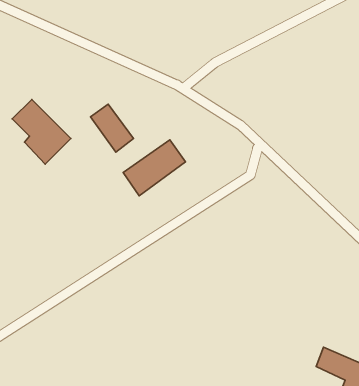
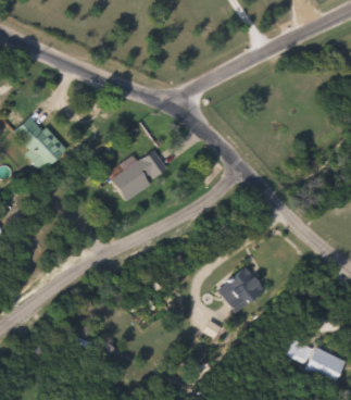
building: [91,104,134,152] -> none
building: none -> [217,265,265,313]

